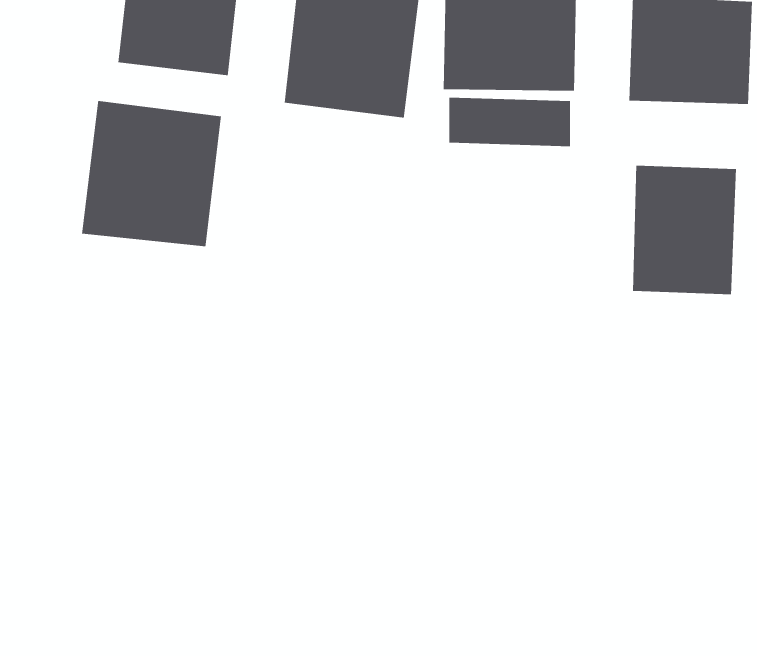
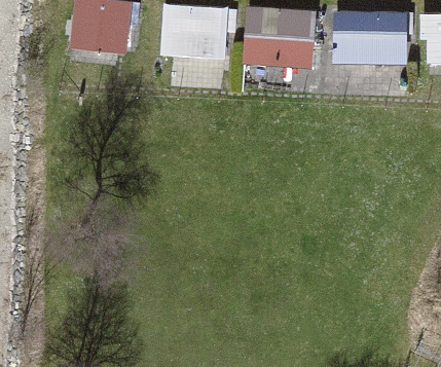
building: [82,100,222,247] -> none
building: [633,165,737,295] -> none

